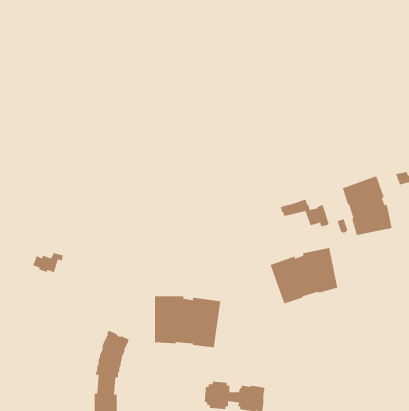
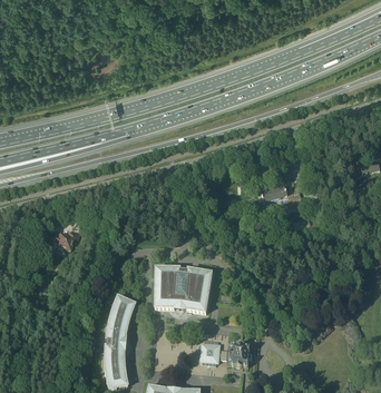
building: [342,175,393,236] -> none
building: [269,247,338,305] -> none

